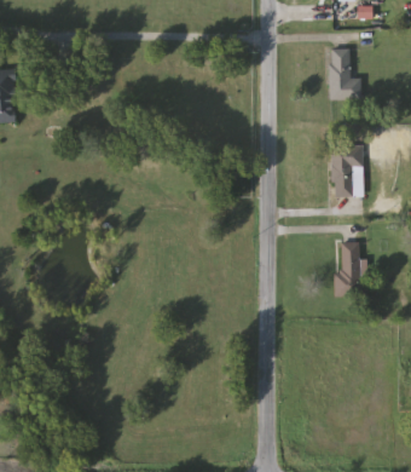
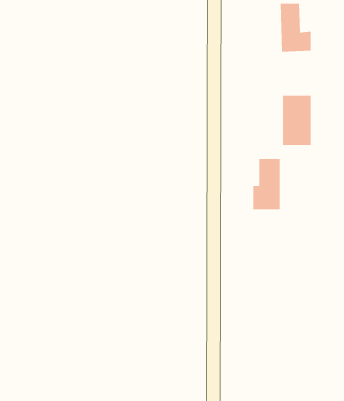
building: [335,242,364,295] -> [253,159,281,210]

